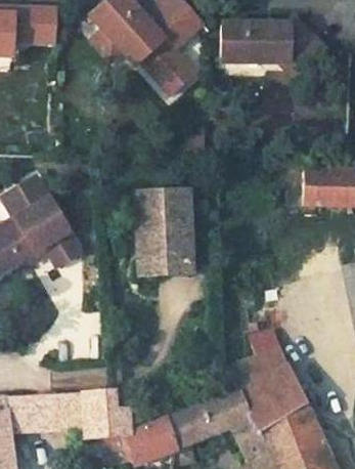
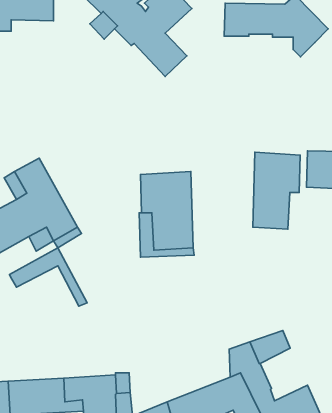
building: none -> [253,152,300,229]
building: none -> [9,248,87,306]
building: [259,365,306,417] -> none

